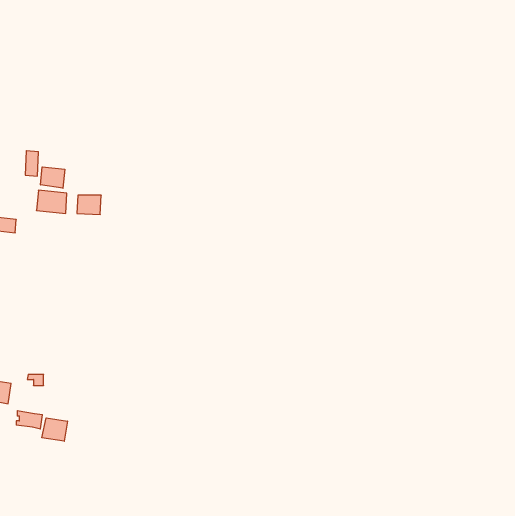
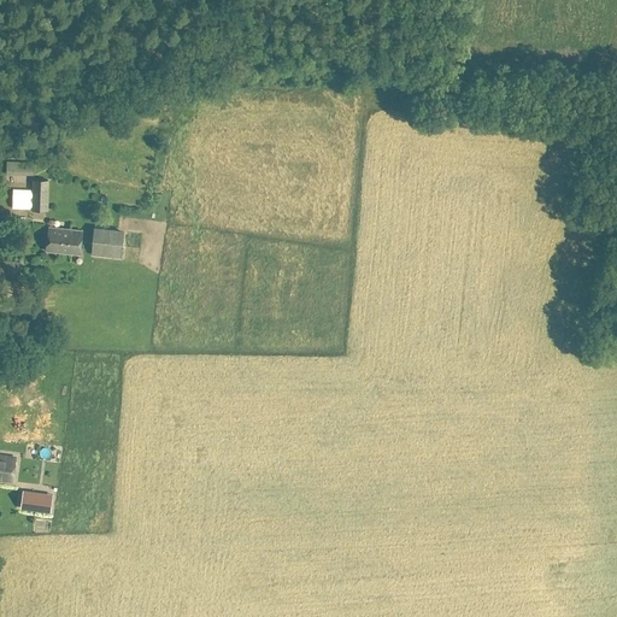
building: [41,167,65,188] -> none
building: [42,418,67,441] -> none

